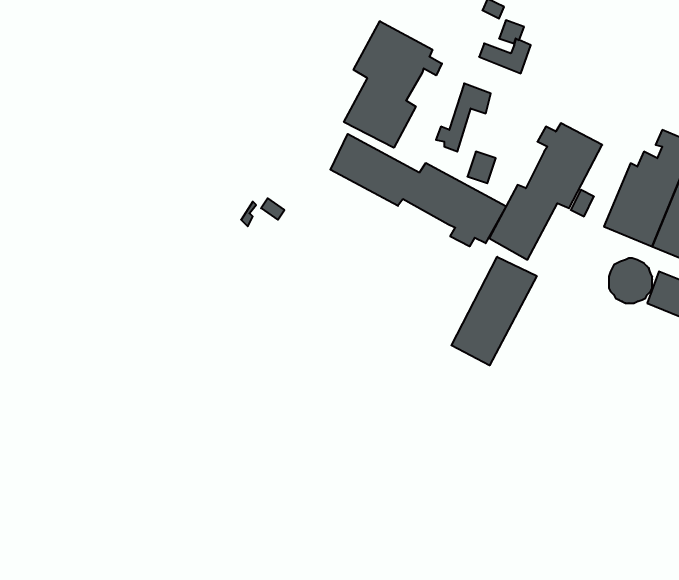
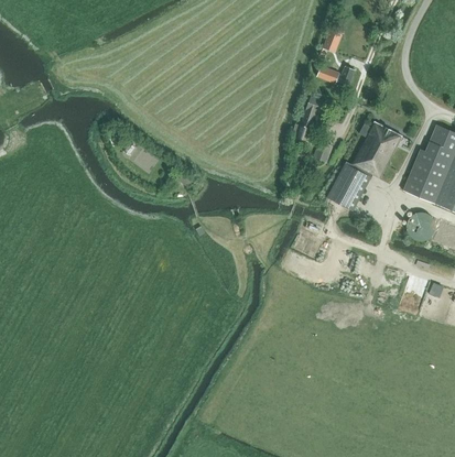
building: [344,21,442,148] -> none
building: [330,134,506,246] -> none
building: [451,257,537,365] -> none

